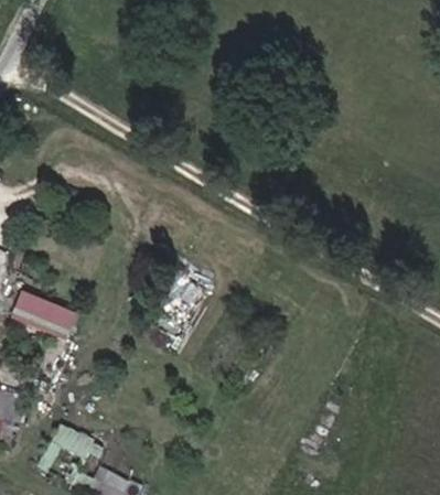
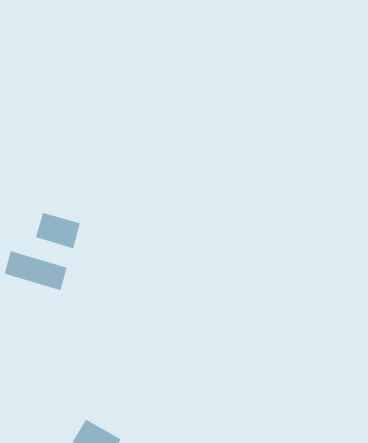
building: none -> [35,212,80,249]

